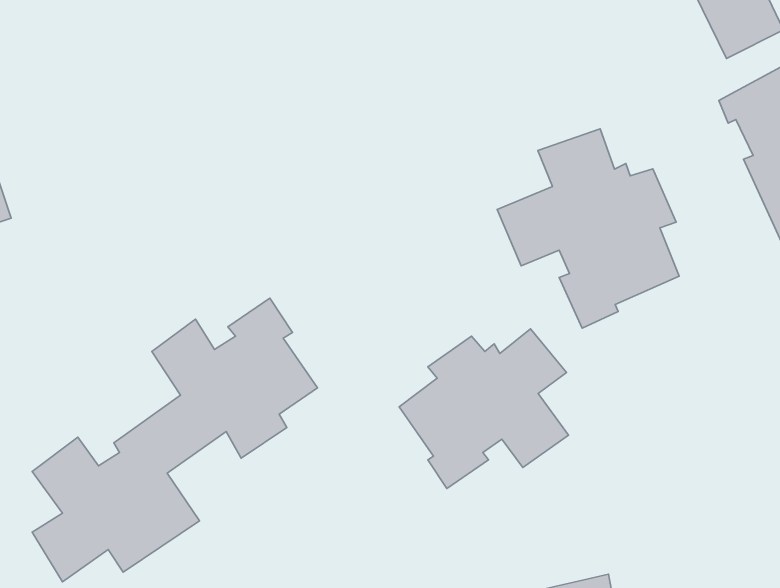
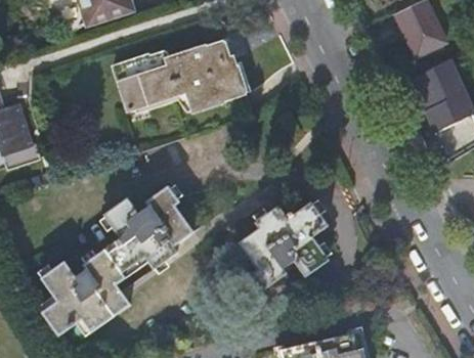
building: none -> [111,39,244,110]
building: [497,129,679,328] -> none

